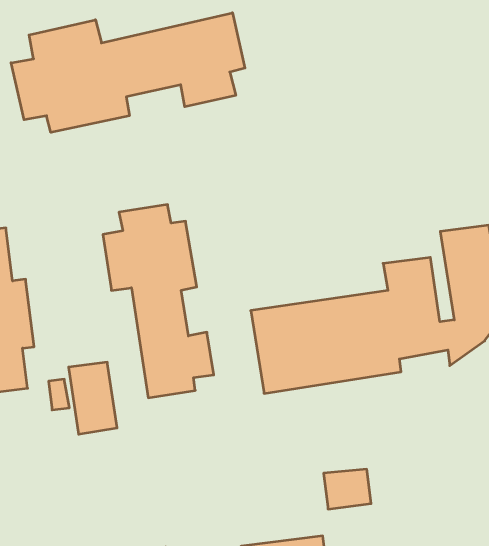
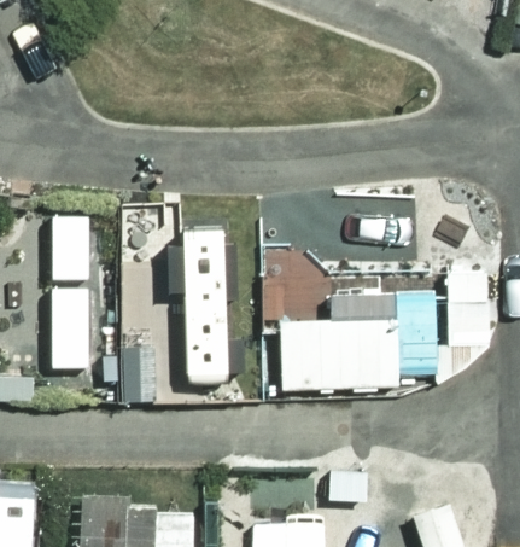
building: [11,13,245,132] -> none

